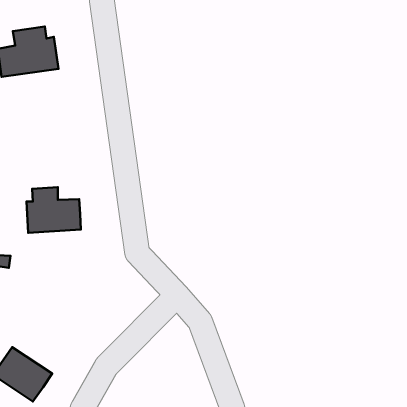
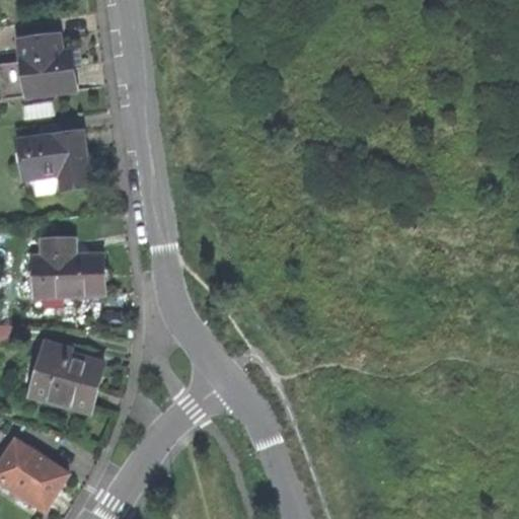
building: none -> [19,131,86,187]
building: none -> [32,345,101,413]

